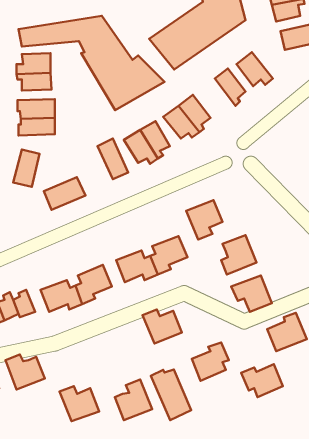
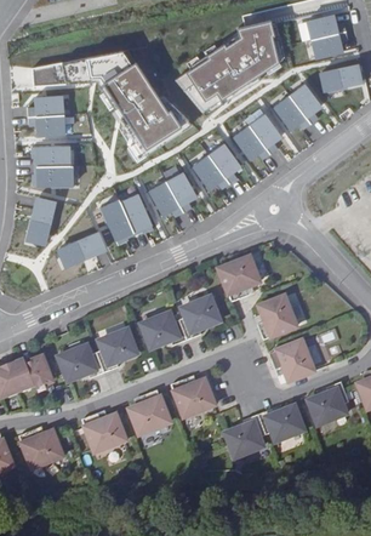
building: none -> [291,81,325,122]
building: none -> [233,122,273,160]
building: none -> [102,198,137,244]
building: [241,364,283,397] -> [257,405,303,441]
building: [151,370,191,420] -> none
building: [115,380,152,420] -> [129,389,170,434]
building: [60,386,99,421] -> [81,412,125,451]

